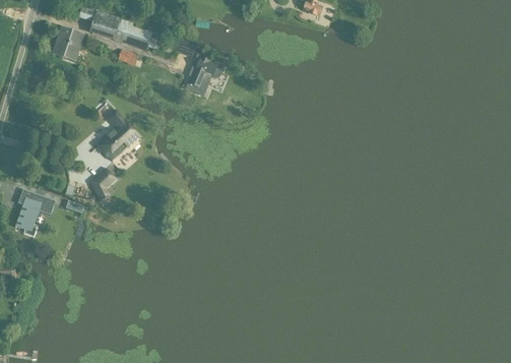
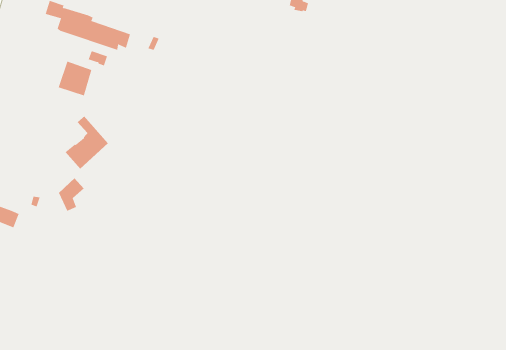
building: [53,26,84,59] -> [58,61,92,96]
building: [190,57,222,87] -> none

